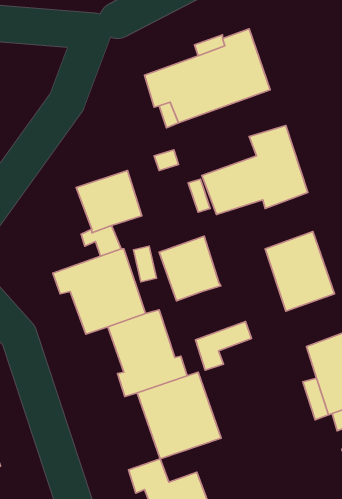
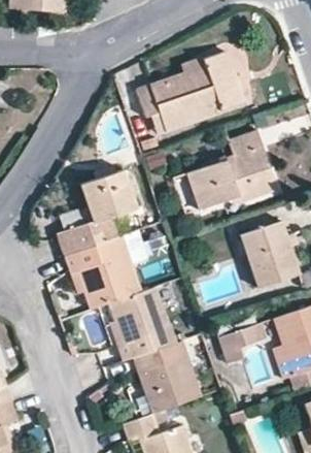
building: none -> [54,224,101,257]
building: [159,236,221,301] -> none
building: [195,321,252,370] -> [219,323,267,364]

